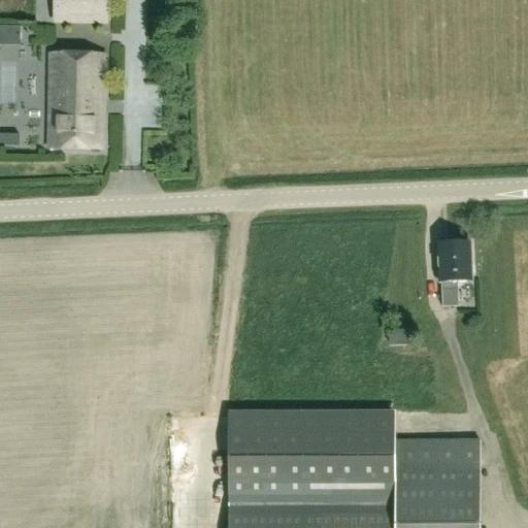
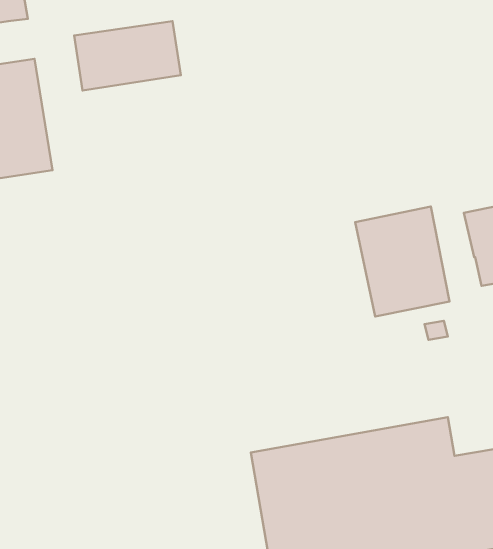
building: none -> [74,21,181,90]
building: none -> [355,207,449,317]

